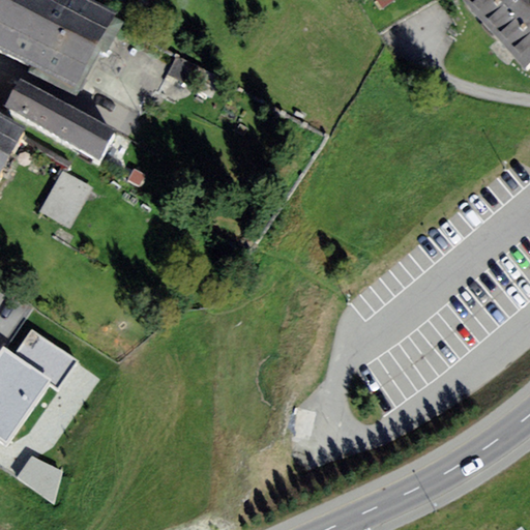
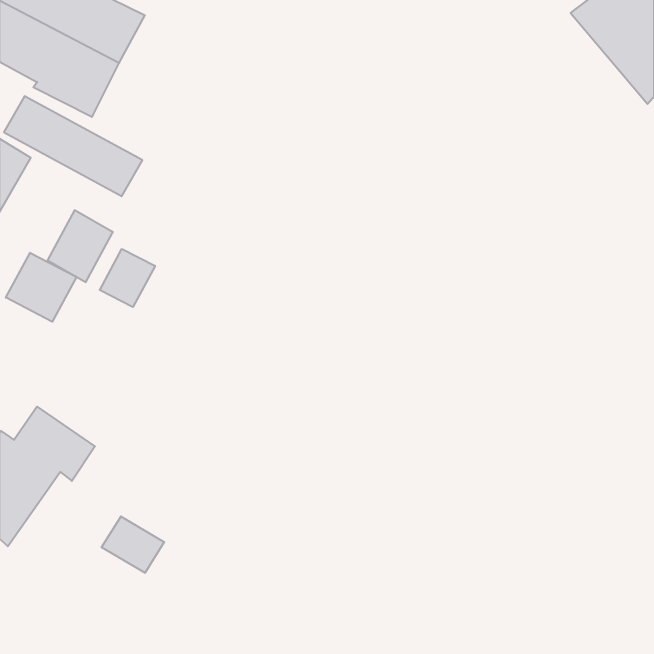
building: none -> [100,249,155,307]
building: none -> [6,253,77,322]
building: [17,452,67,498] -> [101,516,164,573]

